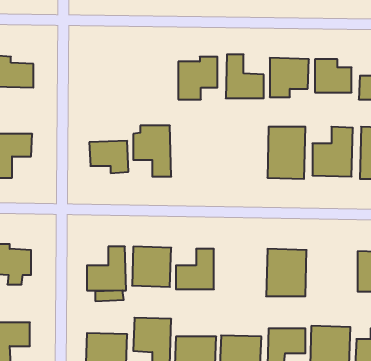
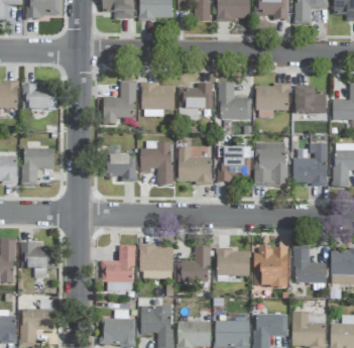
building: none -> [102,79,135,123]
building: none -> [141,84,174,116]
building: none -> [178,146,211,183]
building: none -> [217,146,251,182]
building: none -> [293,245,326,282]
building: none -> [216,249,249,275]

